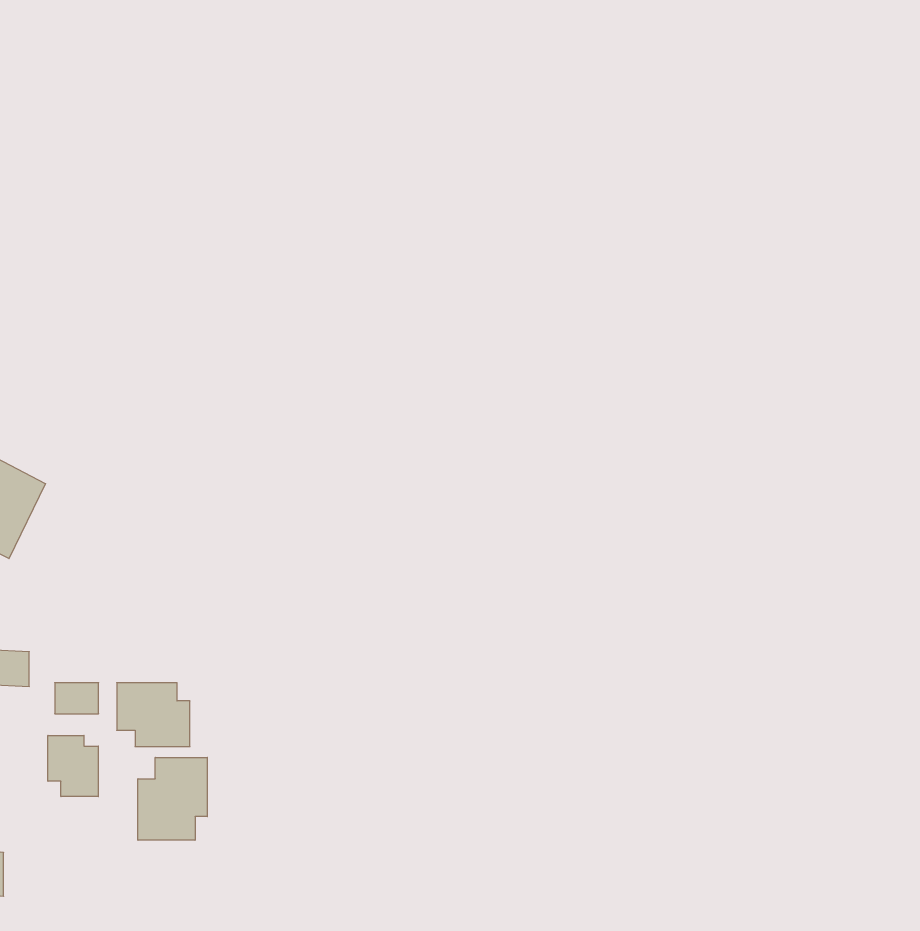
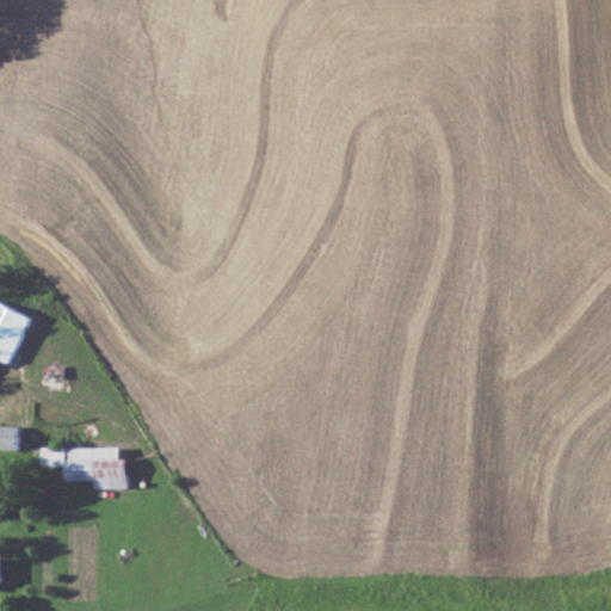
building: [48,735,98,797] -> none
building: [138,757,207,840] -> none

